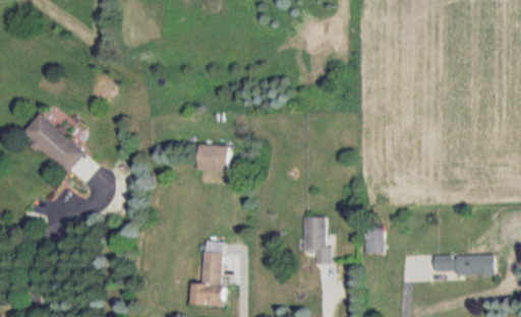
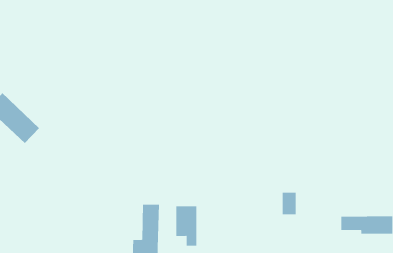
building: [196,143,230,172] -> none
building: [303,216,329,263] -> [175,206,197,246]

